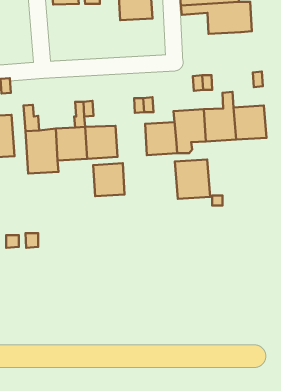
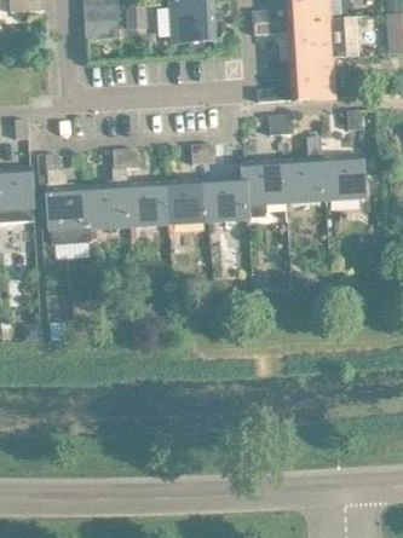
building: none -> [257,59,333,103]
building: [175,160,210,199] -> none
building: [93,163,125,196] -> [166,180,207,224]

